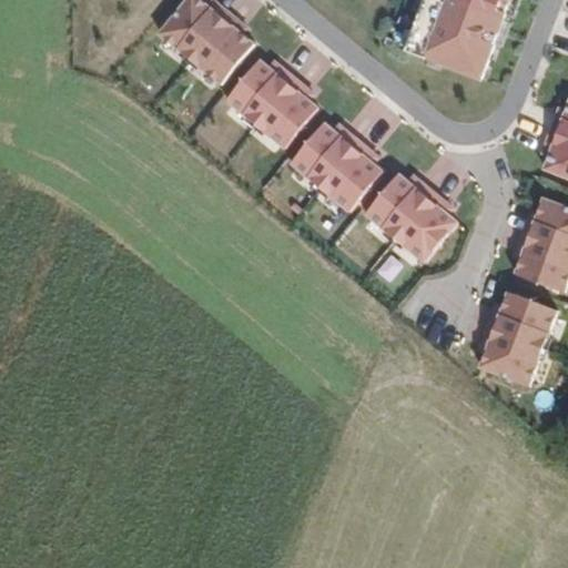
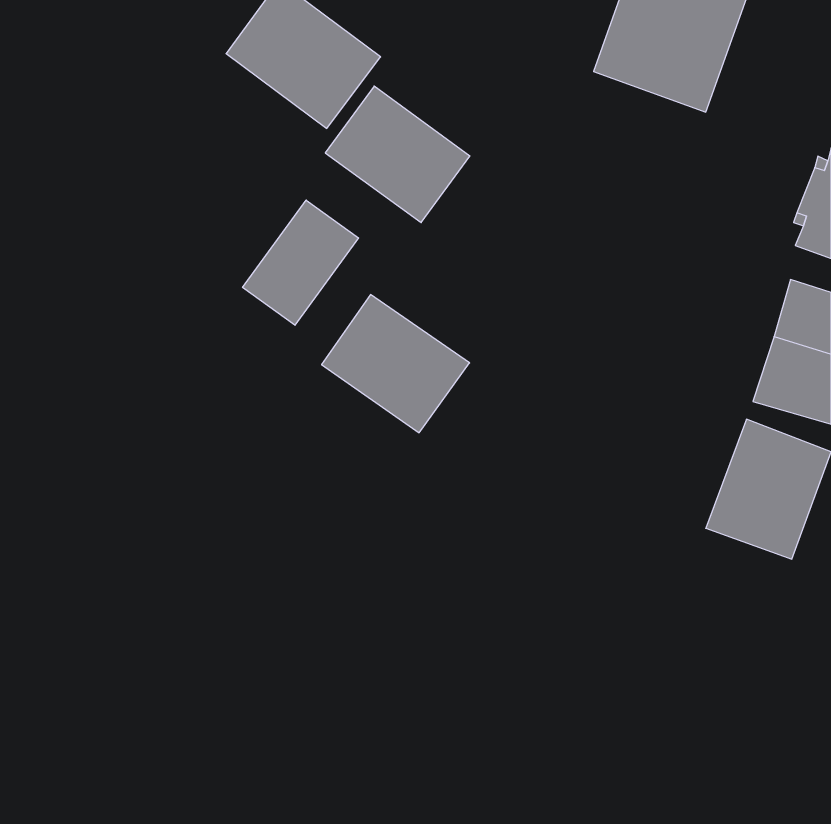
building: [287,120,388,214] -> [322,295,470,433]
building: none -> [243,200,359,325]
building: [363,171,463,266] -> none

